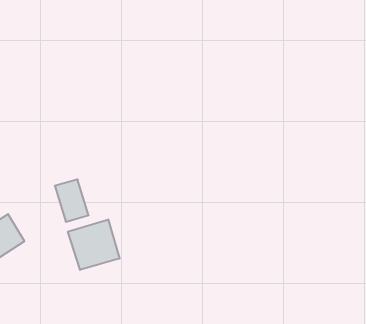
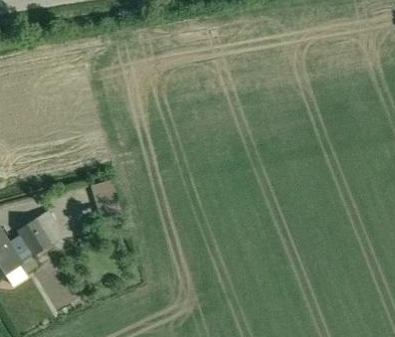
building: [68,219,120,270] -> none

